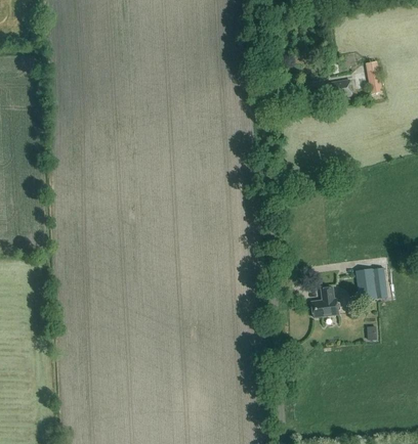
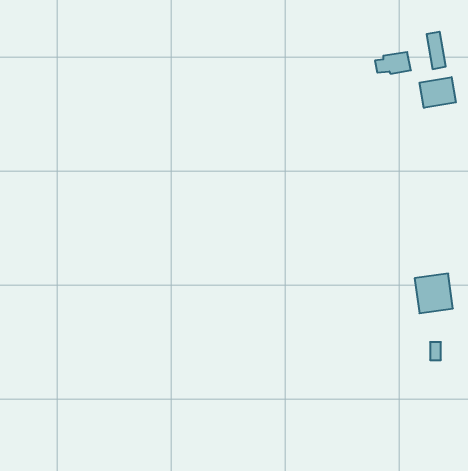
building: none -> [420,77,456,108]
building: [311,286,339,316] -> none

